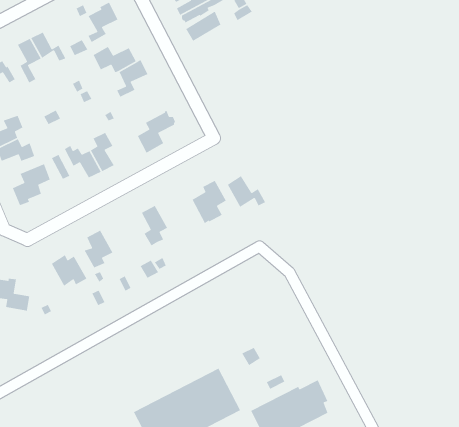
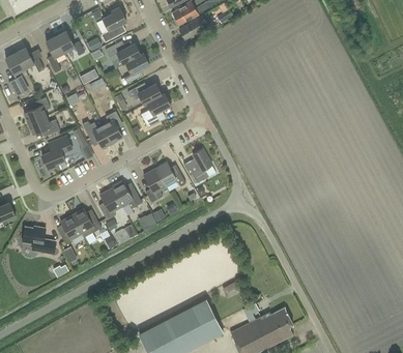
building: none -> [126,84,162,105]
building: [227,175,266,208] -> [154,161,185,187]
building: none -> [111,181,142,209]
building: none -> [56,215,82,245]

